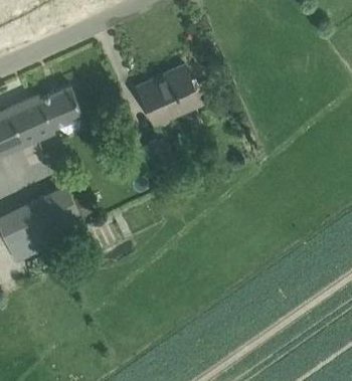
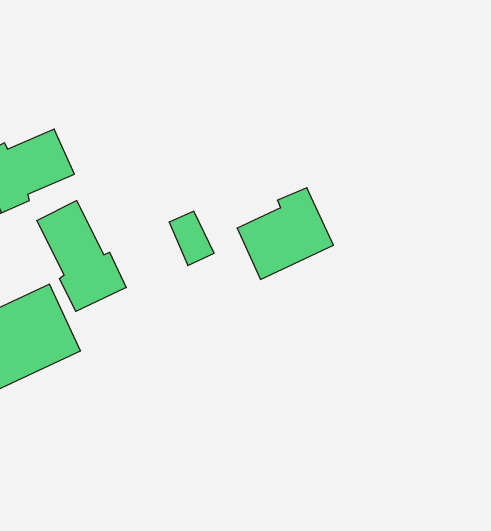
building: [138,66,200,126] -> [237,188,333,279]
building: none -> [37,201,126,311]

